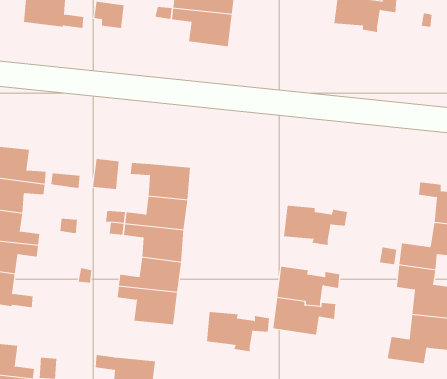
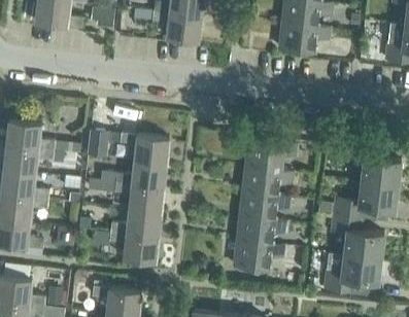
building: none -> [278,24,329,52]
building: none -> [244,142,296,175]
building: [206,312,270,352] -> [239,192,289,224]

